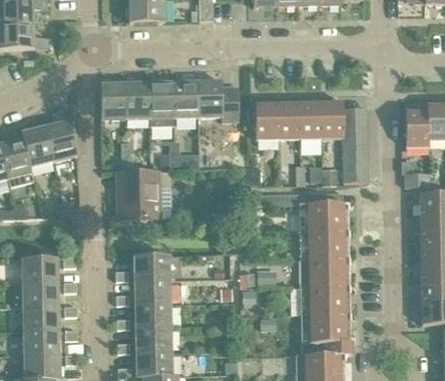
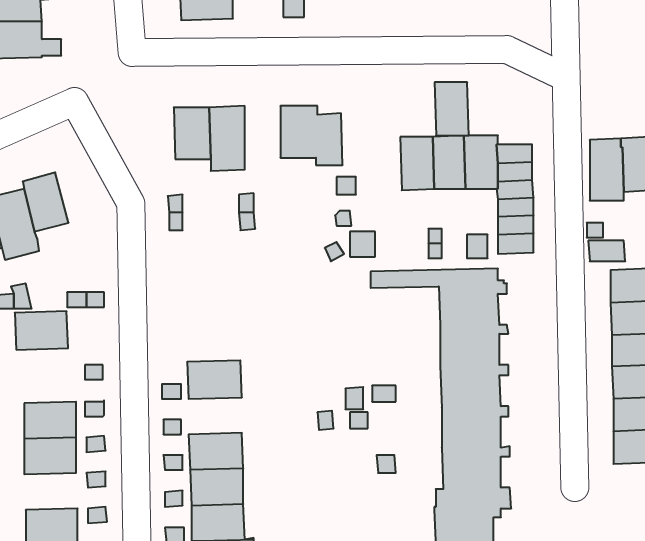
building: [172,81,196,117] -> none
building: [100,82,125,118] -> none
building: [256,102,279,138] -> [435,82,469,135]
building: [44,119,77,160] -> none
building: [117,170,171,218] -> none
building: [22,257,58,283] -> [15,311,68,350]
building: [134,279,170,304] -> none
building: [23,330,59,355] -> none

